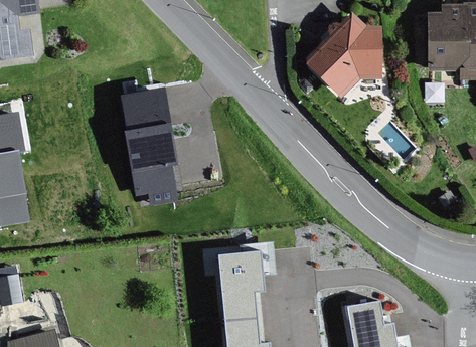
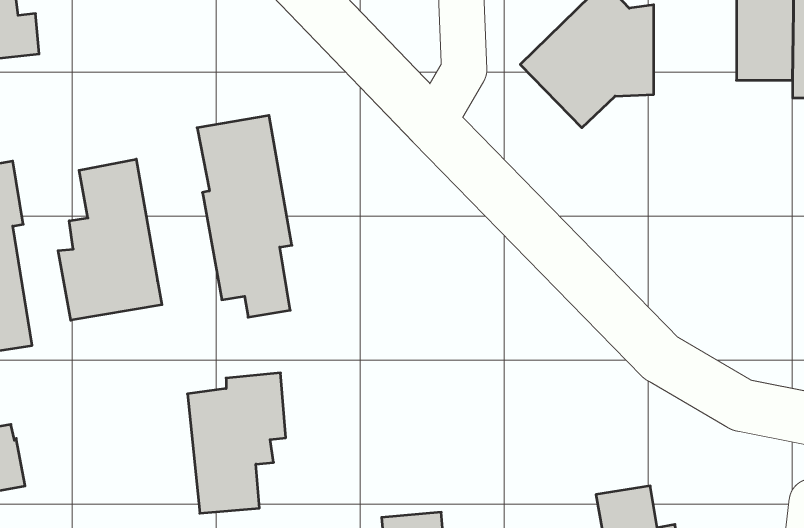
building: none -> [58,159,162,320]
building: [218,238,275,319] -> [187,373,286,513]

